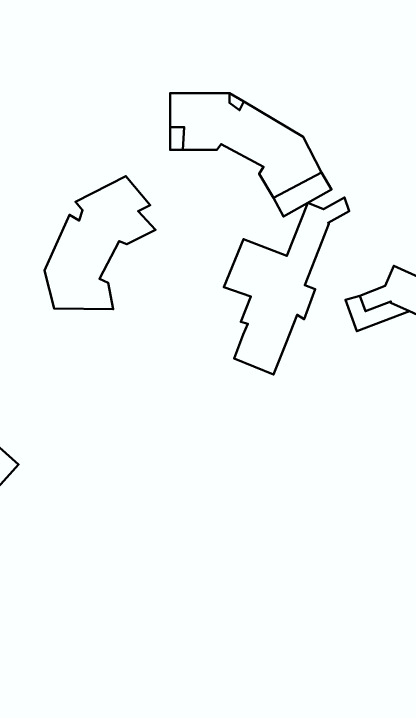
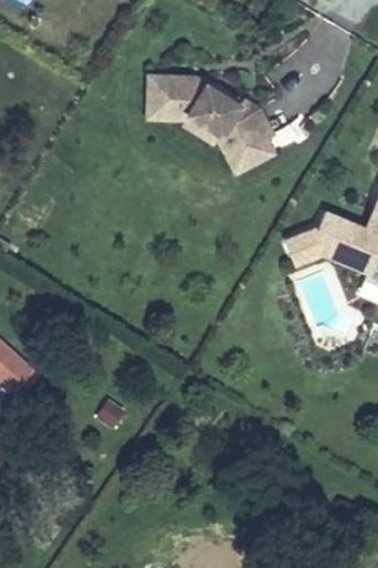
building: [44,176,156,309] -> none
building: [224,197,349,375] -> none

